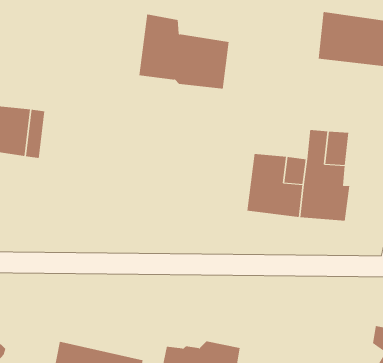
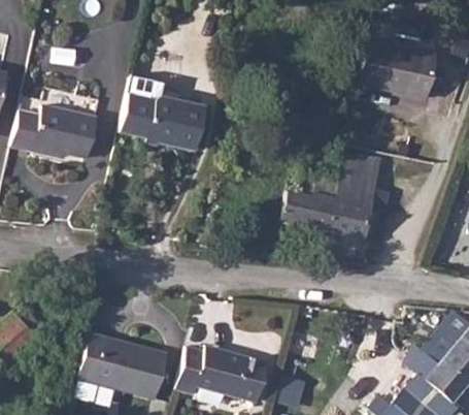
building: [138,14,229,89] -> [125,69,213,147]

